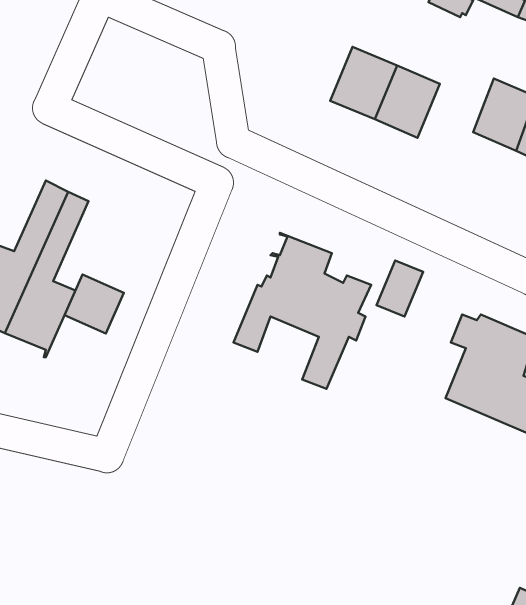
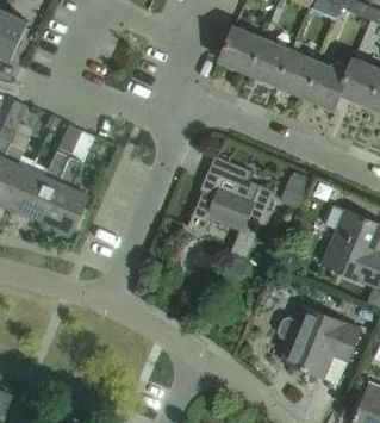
building: none -> [220,26,263,73]
building: none -> [305,62,348,108]
building: [64,274,124,334] -> none
building: none -> [279,307,360,374]

